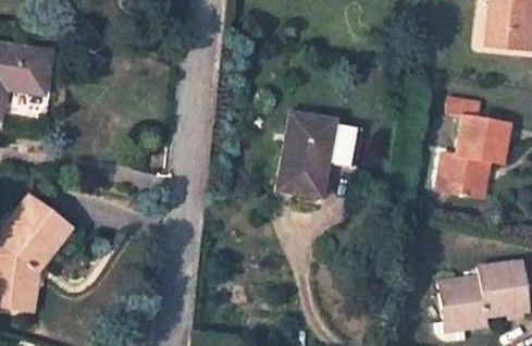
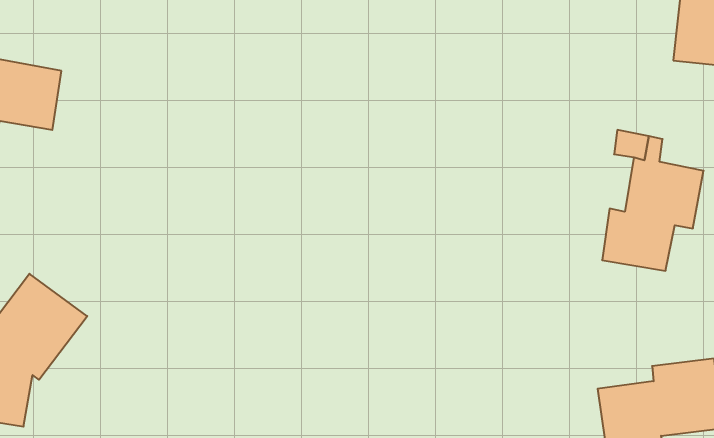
building: [275,112,356,199] -> none

